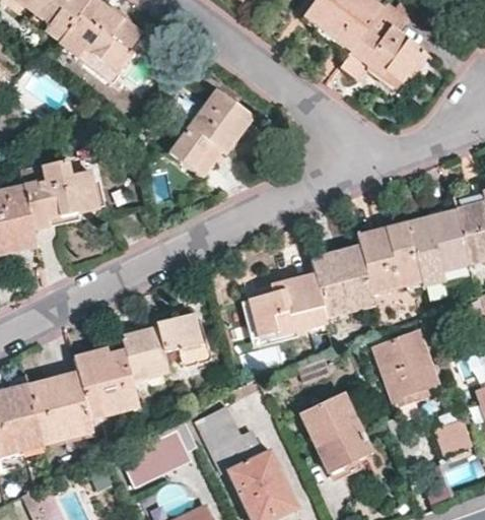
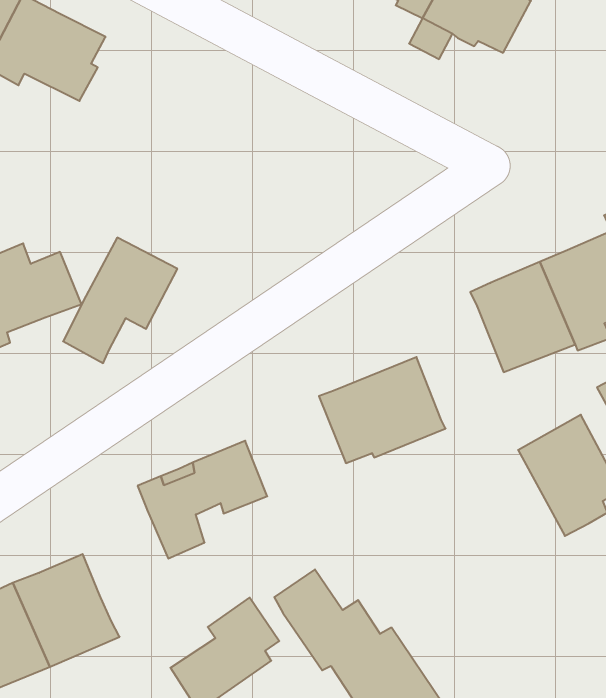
building: [170,91,253,173] -> [63,238,177,363]
building: [310,248,373,319] -> none
building: [72,348,138,419] -> none
building: [301,395,371,472] -> none

